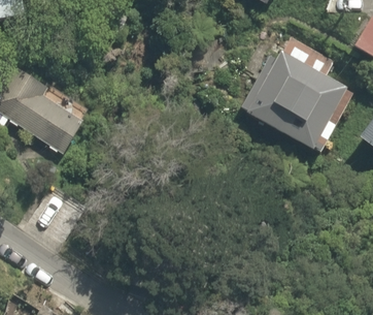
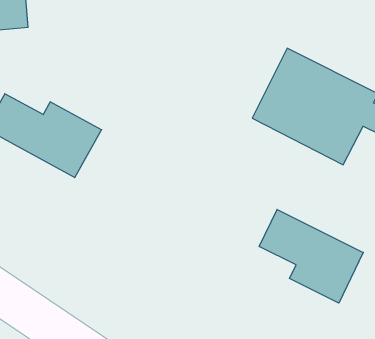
building: none -> [259,209,363,303]

